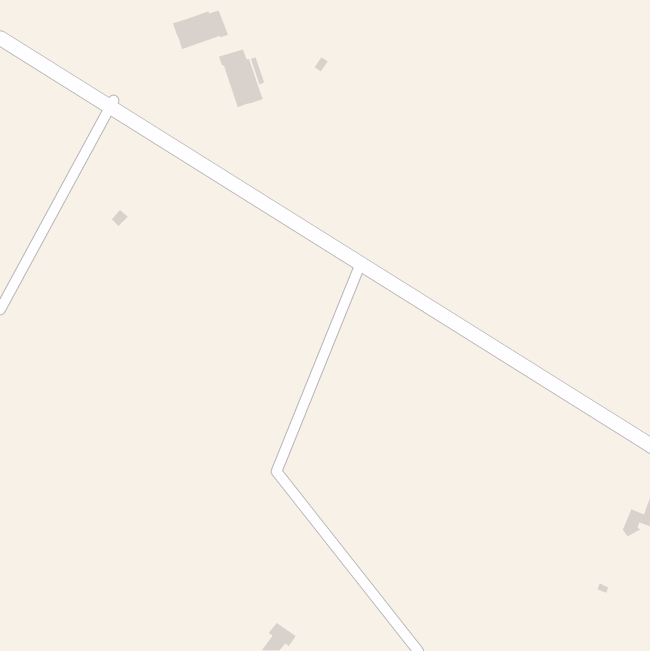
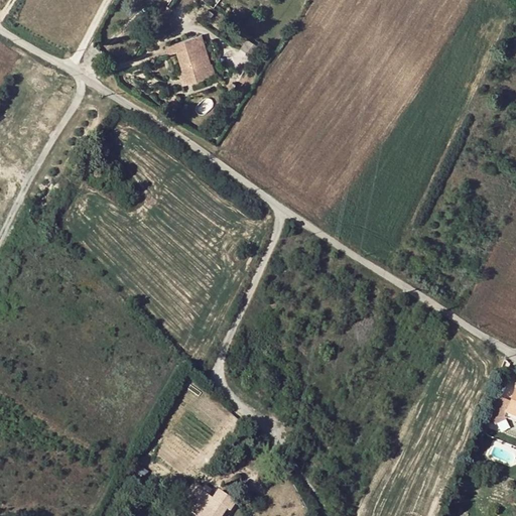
building: [172,10,229,50] -> none

